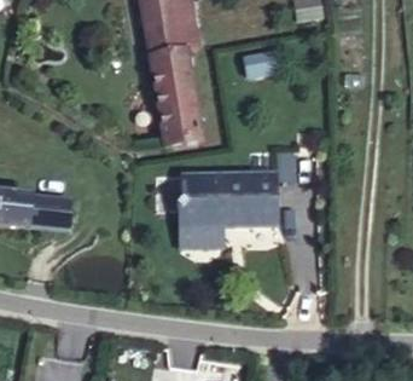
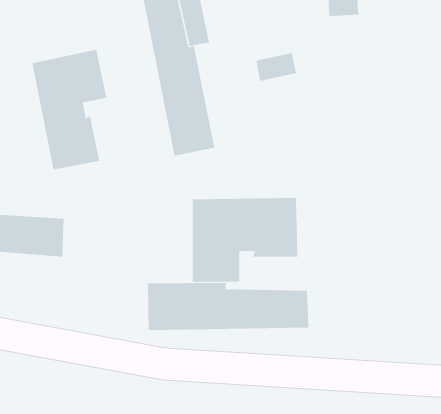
building: none -> [32,49,107,170]
building: none -> [148,282,309,331]

